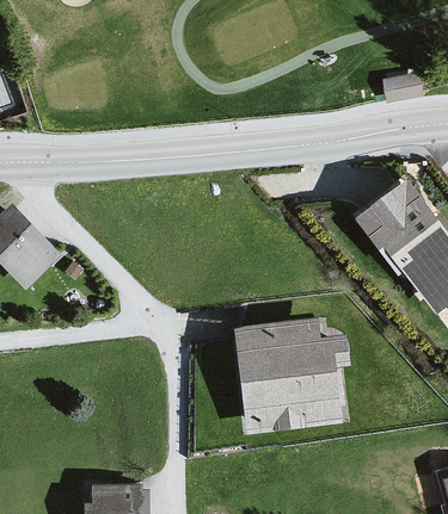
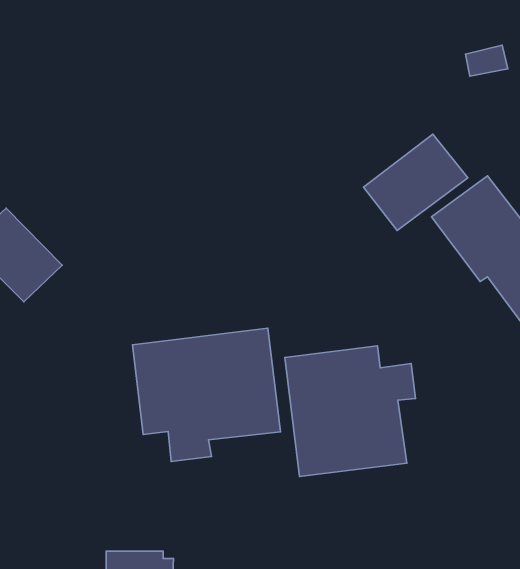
building: none -> [364,134,468,230]
building: none -> [132,328,281,461]

